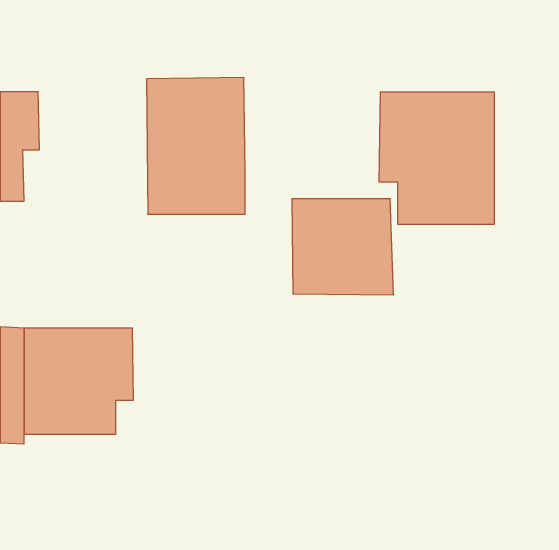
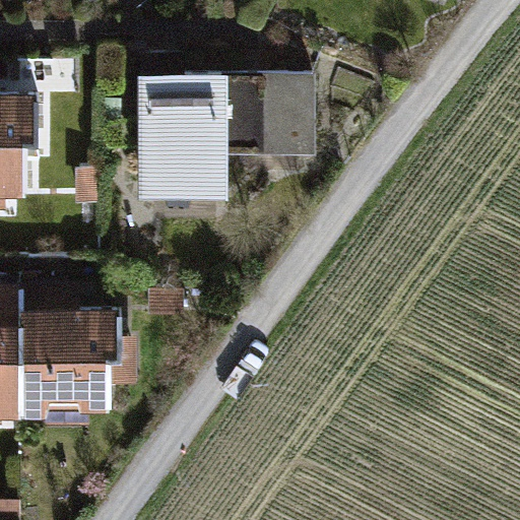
building: [379,92,494,224] -> none
building: [292,199,394,295] -> [226,72,321,161]

